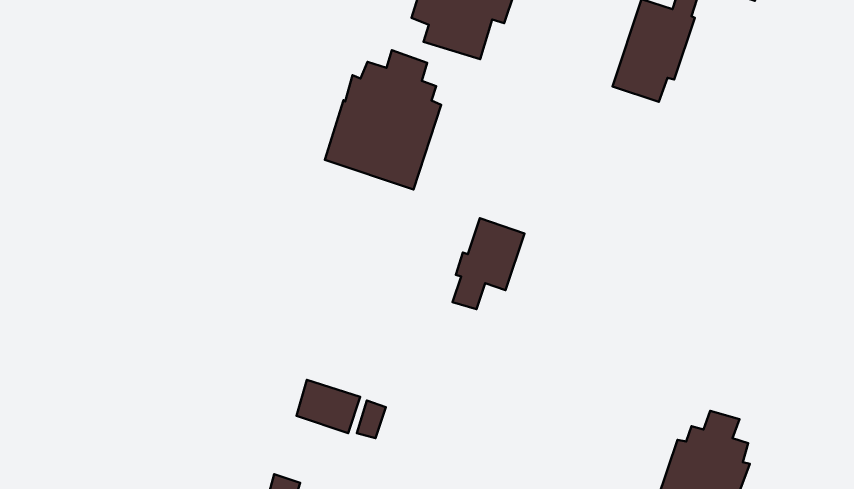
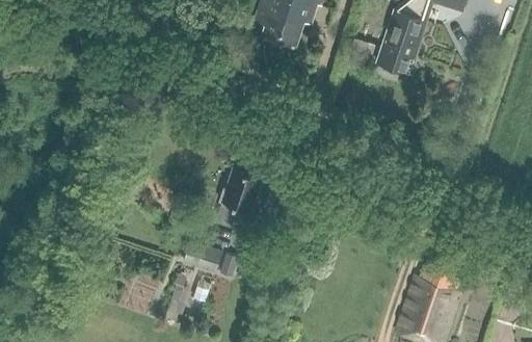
building: [325,50,441,189] -> none
building: [452,218,525,309] -> [217,167,261,222]

